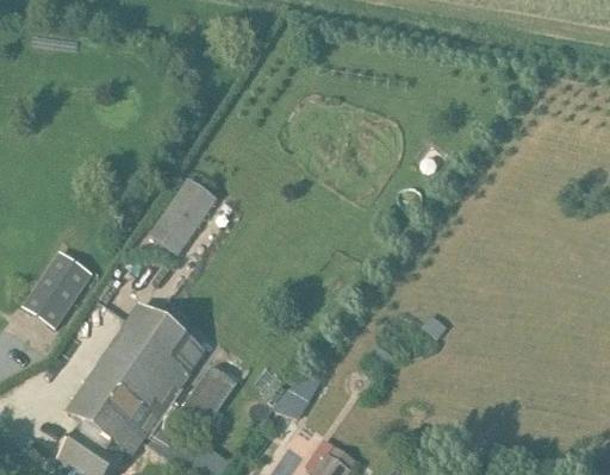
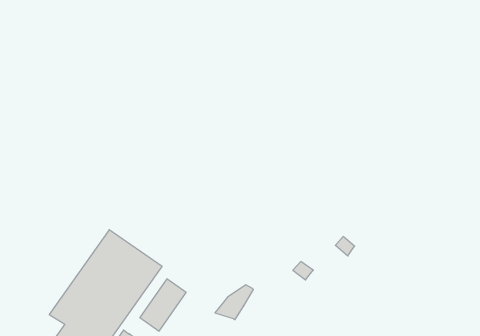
building: [149,176,216,251] -> none
building: [21,254,91,330] -> none

